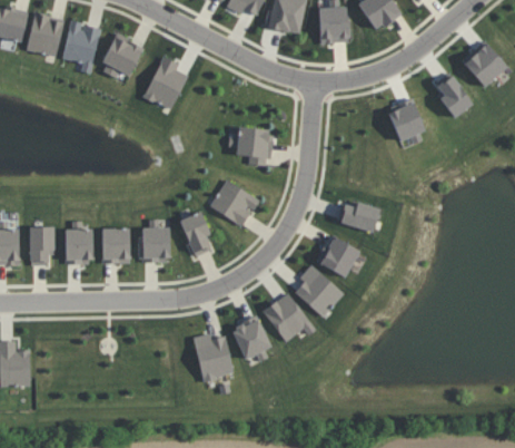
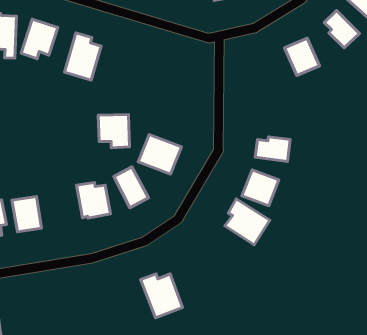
building: [236,126,273,166] -> [98,115,129,148]
building: [101,227,130,264] -> none
building: [263,292,315,342] -> none
building: [230,316,270,361] -> none

